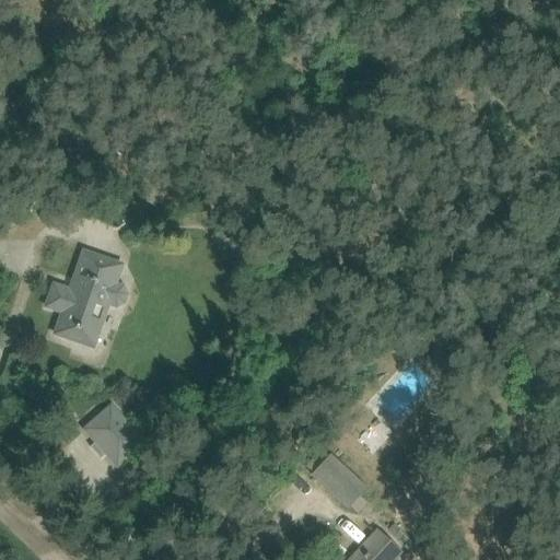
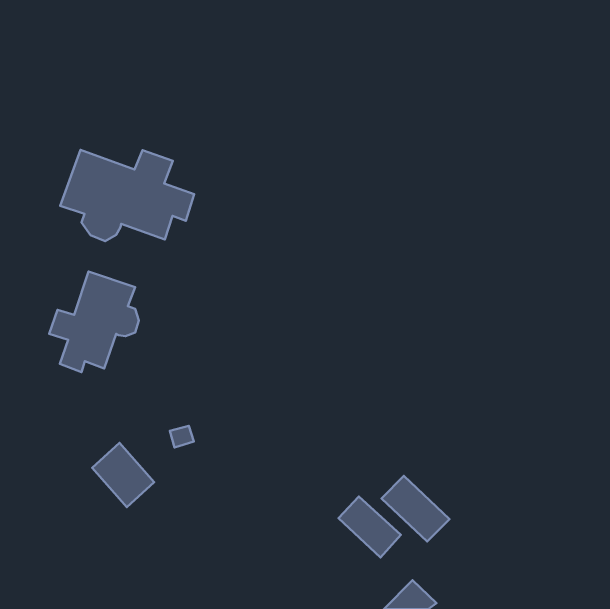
building: none -> [60,150,194,241]
building: none -> [381,476,450,542]

